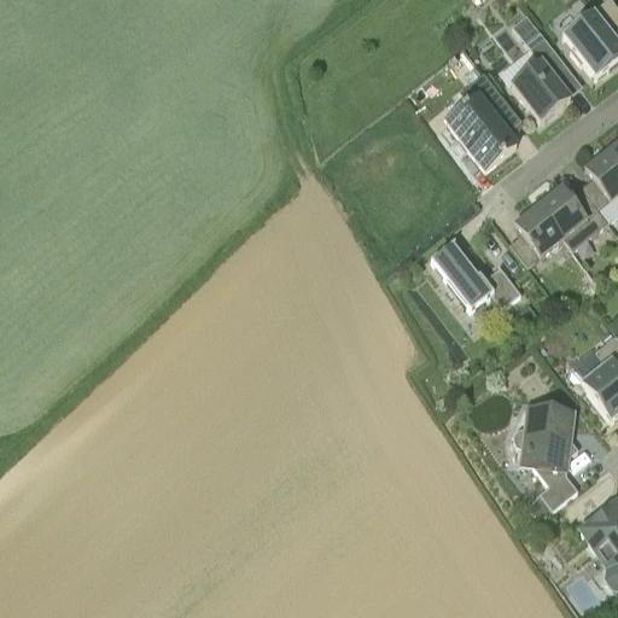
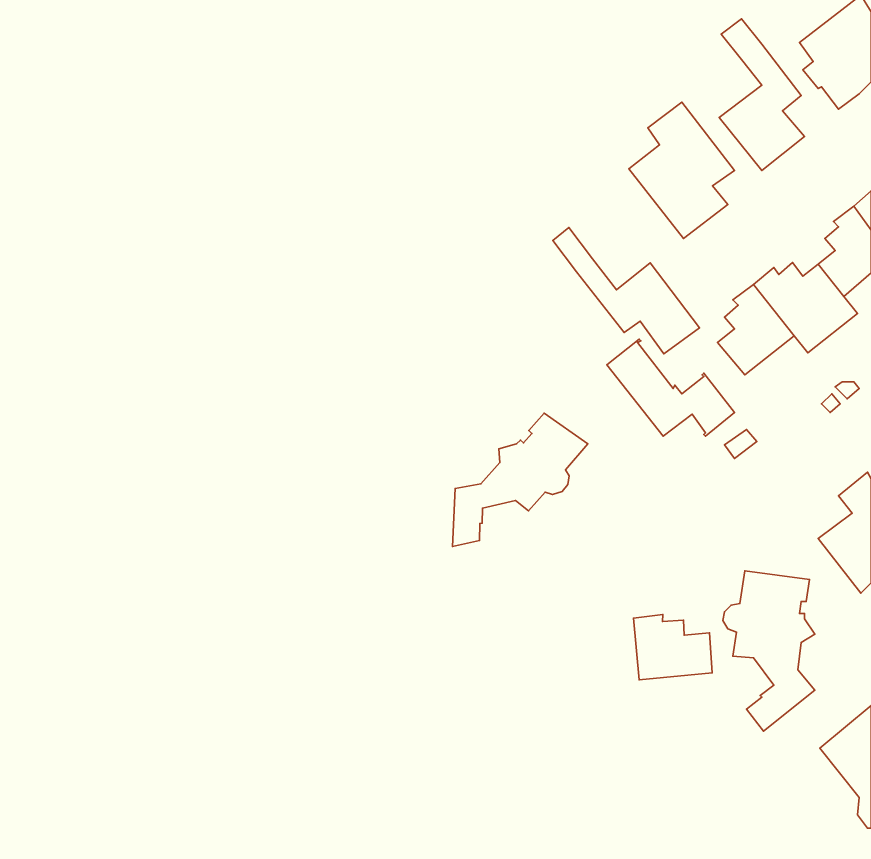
building: none -> [553,228,699,354]
building: none -> [452,413,588,546]
building: none -> [633,615,712,680]

